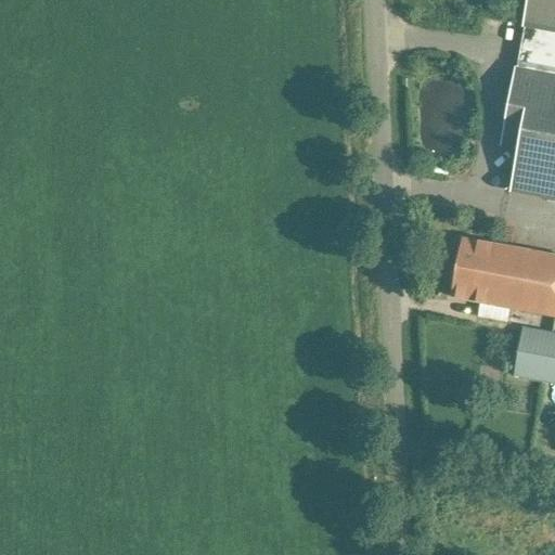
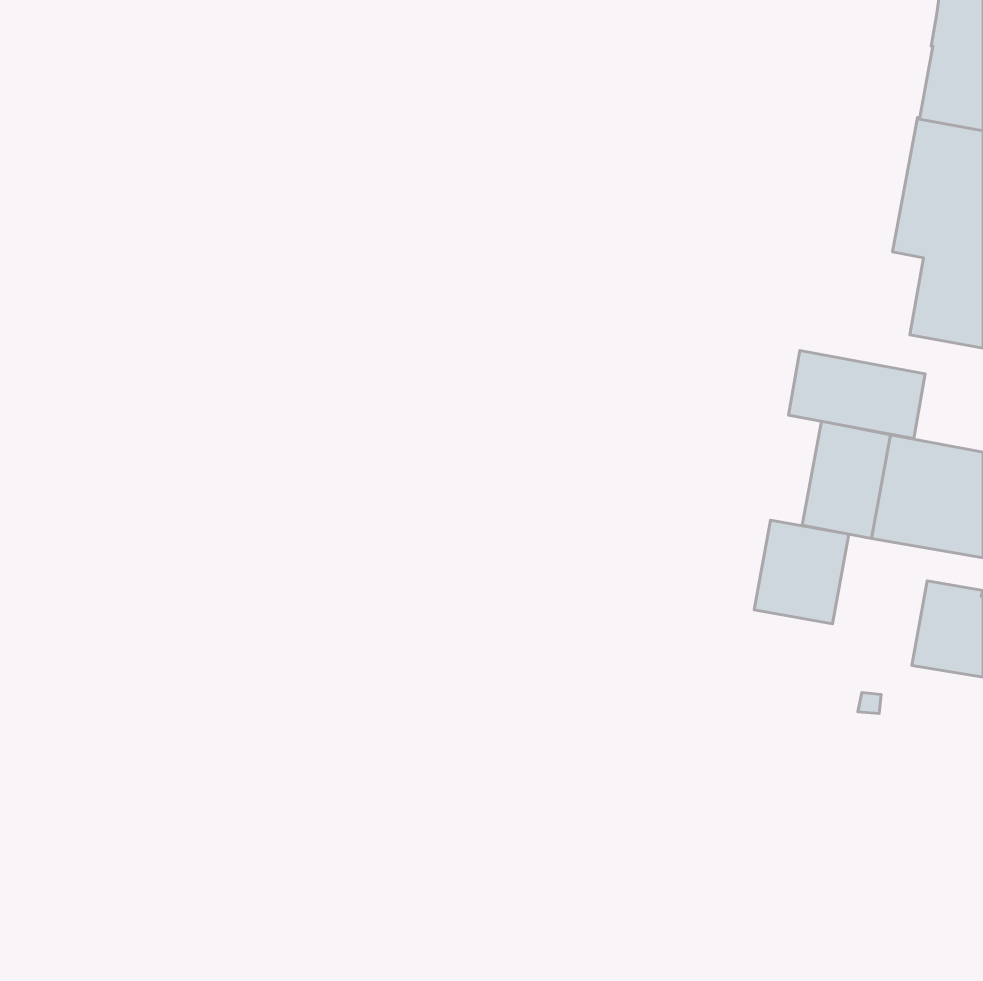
building: none -> [788,350,925,438]
building: none -> [754,520,849,624]

